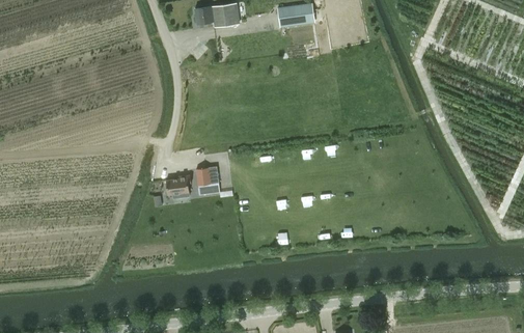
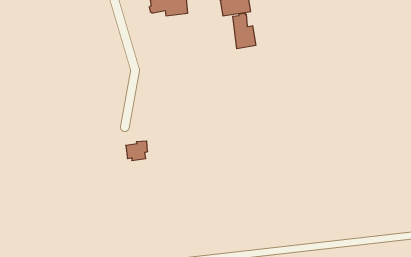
building: none -> [233,13,256,49]
building: [194,166,219,195] -> none

